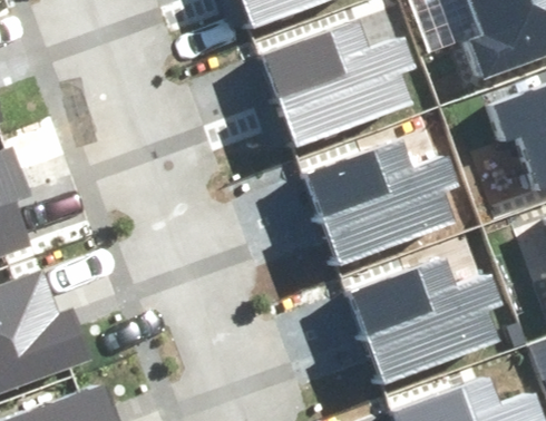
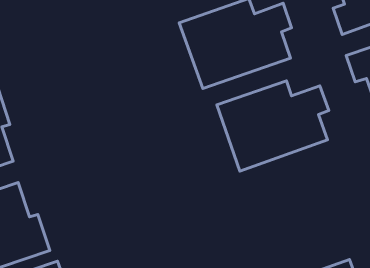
building: [349,258,501,381] -> none

